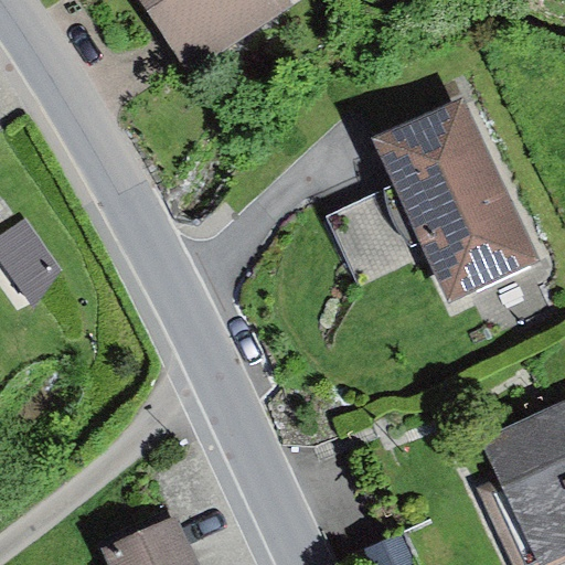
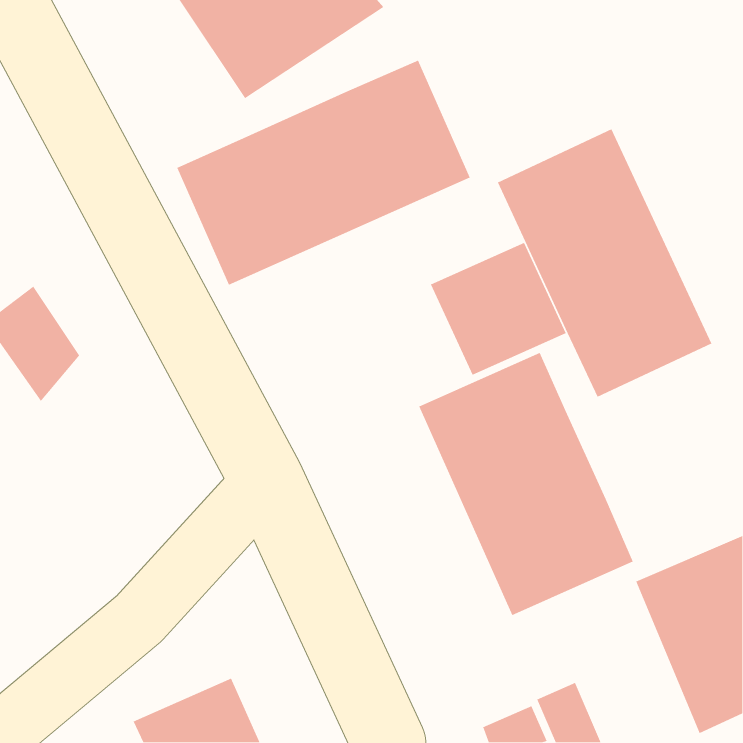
building: none -> [176,60,471,286]
building: none -> [418,352,634,616]

